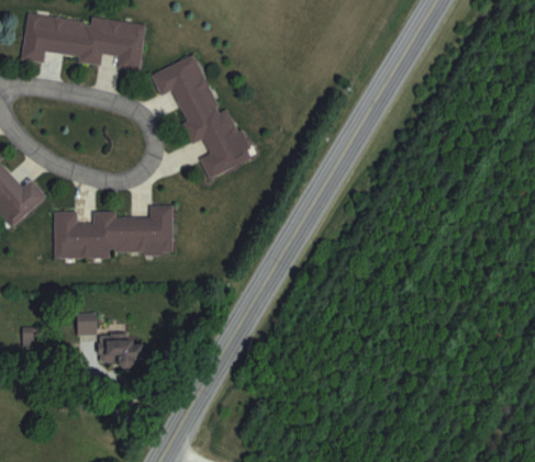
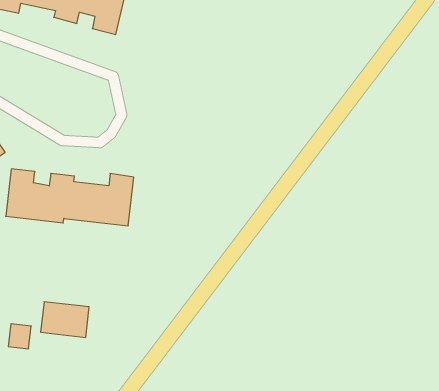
building: [151,55,249,177] -> none
building: [78,313,98,335] -> [8,324,31,349]

